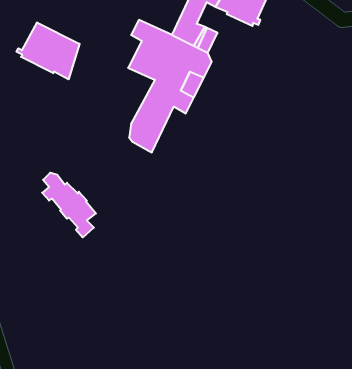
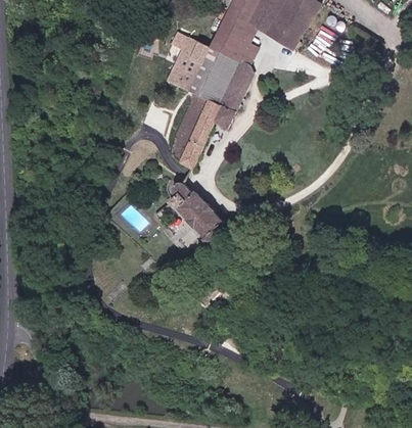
building: [16,22,80,79] -> none
building: [42,173,96,237] -> [171,182,226,248]

